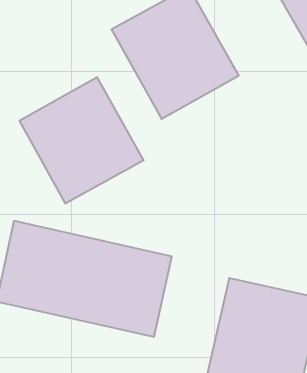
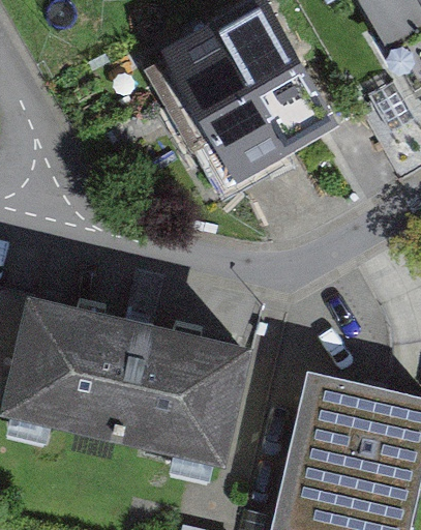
building: [20,77,144,204] -> none

